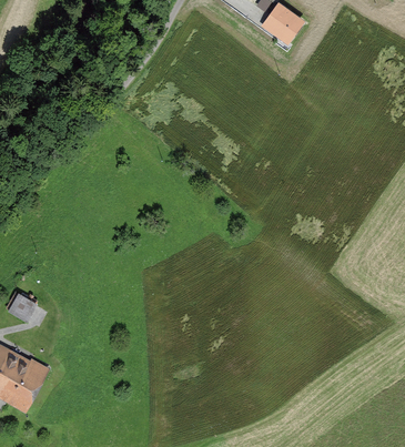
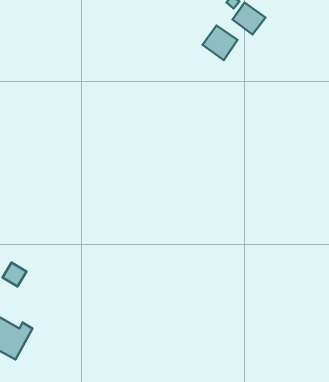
building: none -> [202,25,238,60]

